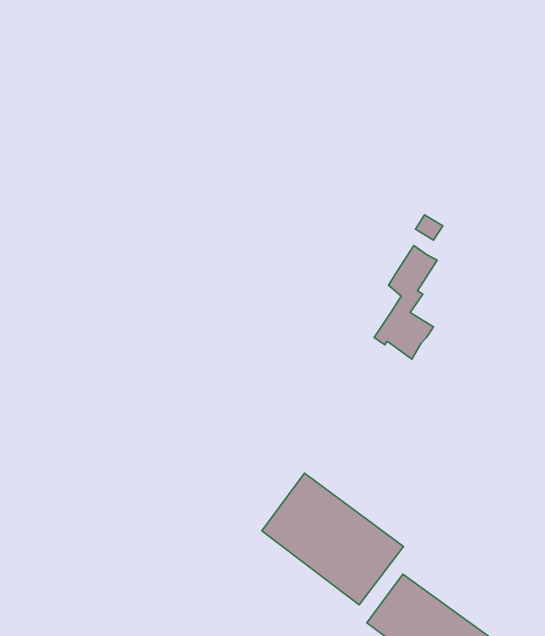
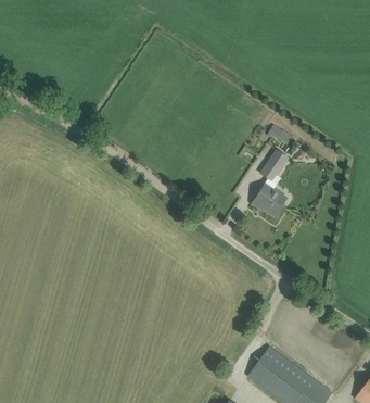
building: [262,473,404,605] -> none

